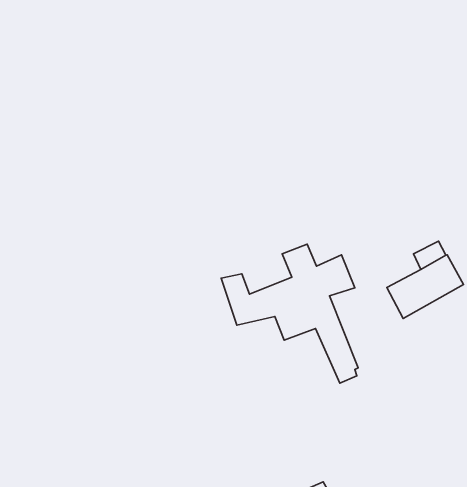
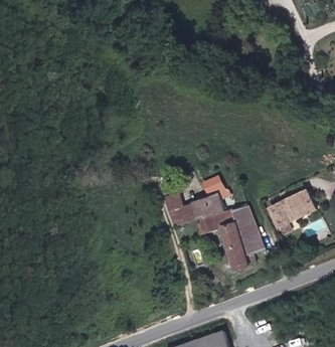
building: none -> [231,204,263,254]

